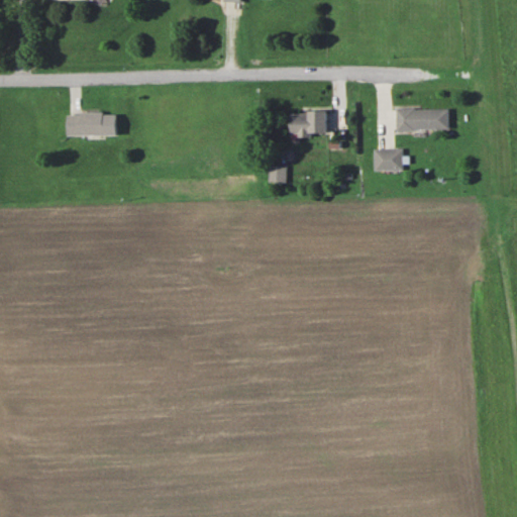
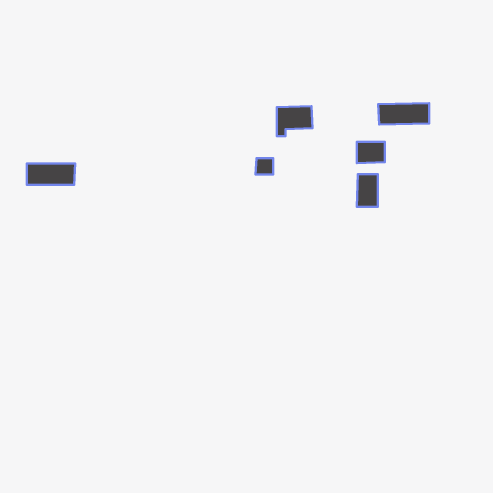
building: [66,113,116,135] -> [27,164,75,185]
building: none -> [357,174,378,207]

